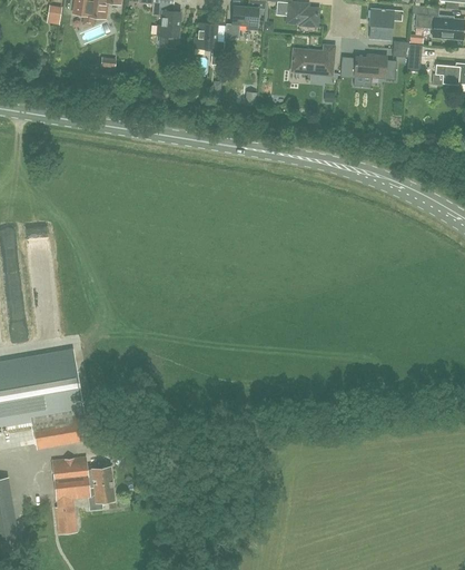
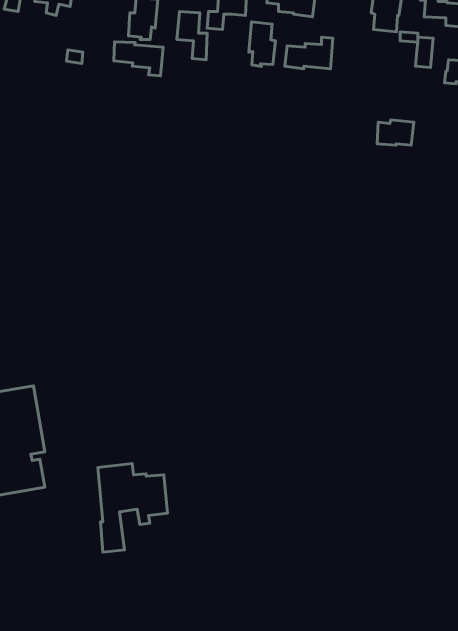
building: none -> [249,22,276,67]
building: none -> [114,42,163,76]
building: [354,53,386,76] -> [377,120,414,145]
building: [52,455,113,533] -> [98,464,168,552]

